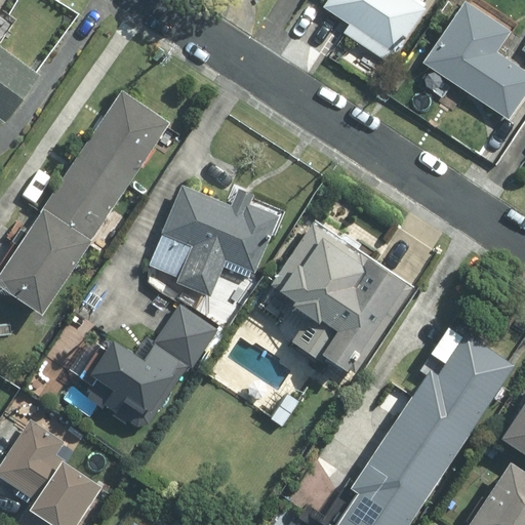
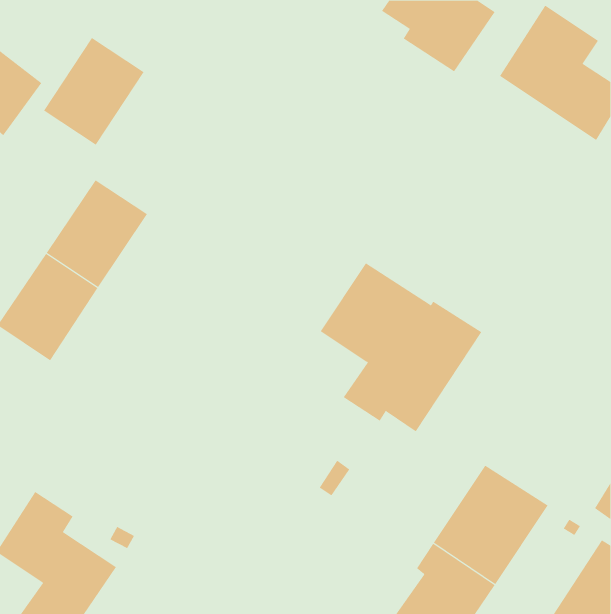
building: [81,91,167,184] -> [43,37,144,146]
building: [151,184,278,293] -> none
building: [88,304,216,423] -> none
building: [413,331,514,432] -> none

